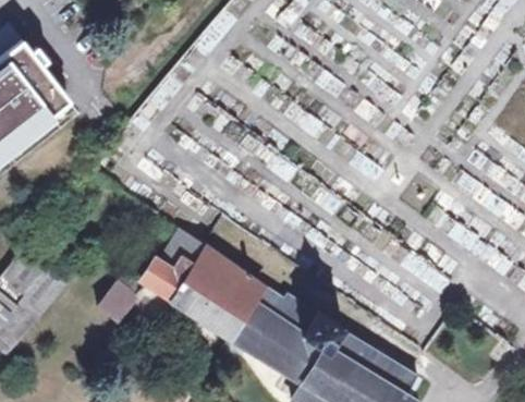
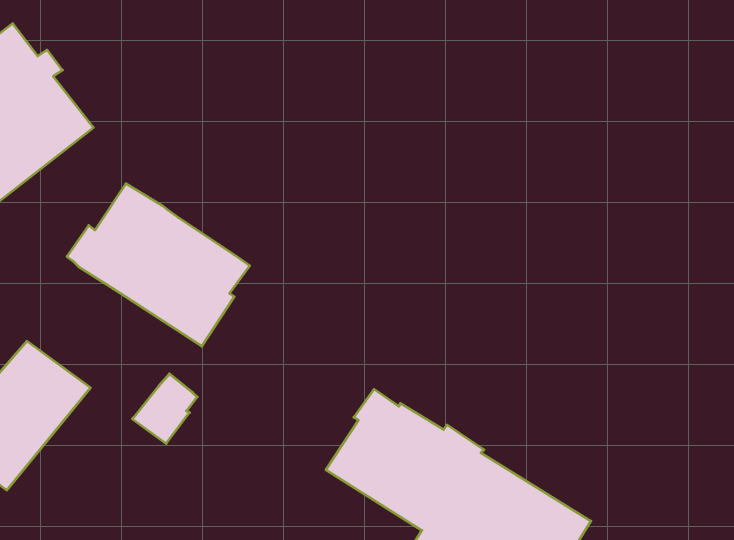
building: [137,229,266,343] -> [67,184,250,346]

